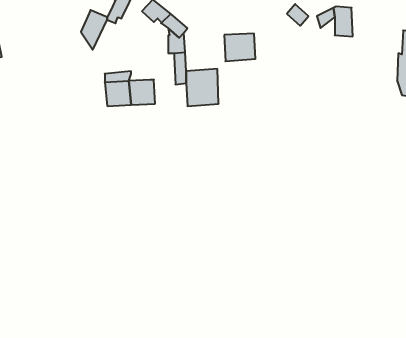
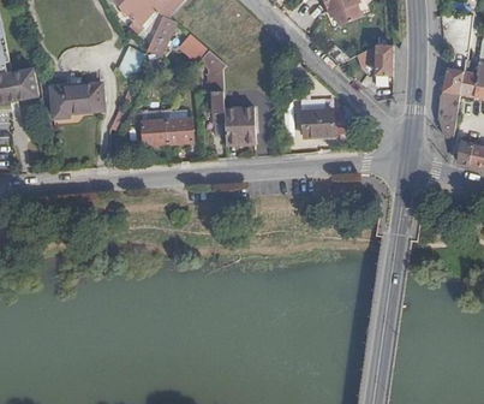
building: [224,34,255,61] -> [300,109,331,137]
building: none -> [52,83,103,115]

